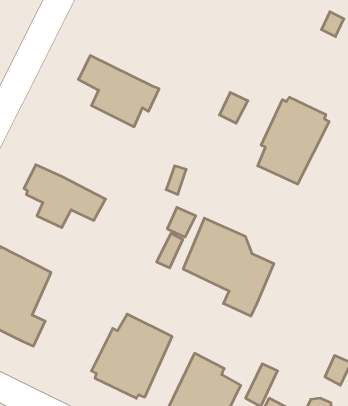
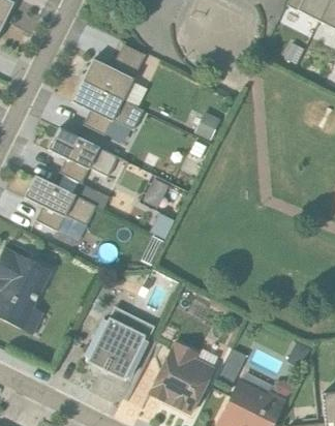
building: none -> [83,43,147,108]
building: [258,97,329,184] -> none
building: none -> [49,127,118,209]
building: [183,218,274,316] -> none

